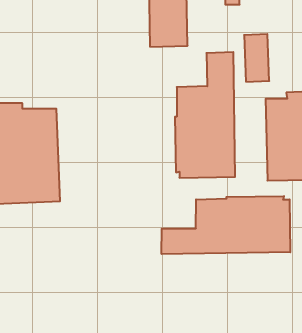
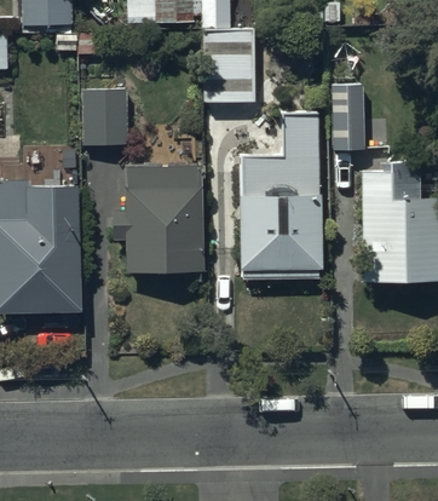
building: none -> [83,86,131,146]
building: none -> [114,167,203,272]
building: [162,196,290,254] -> none

